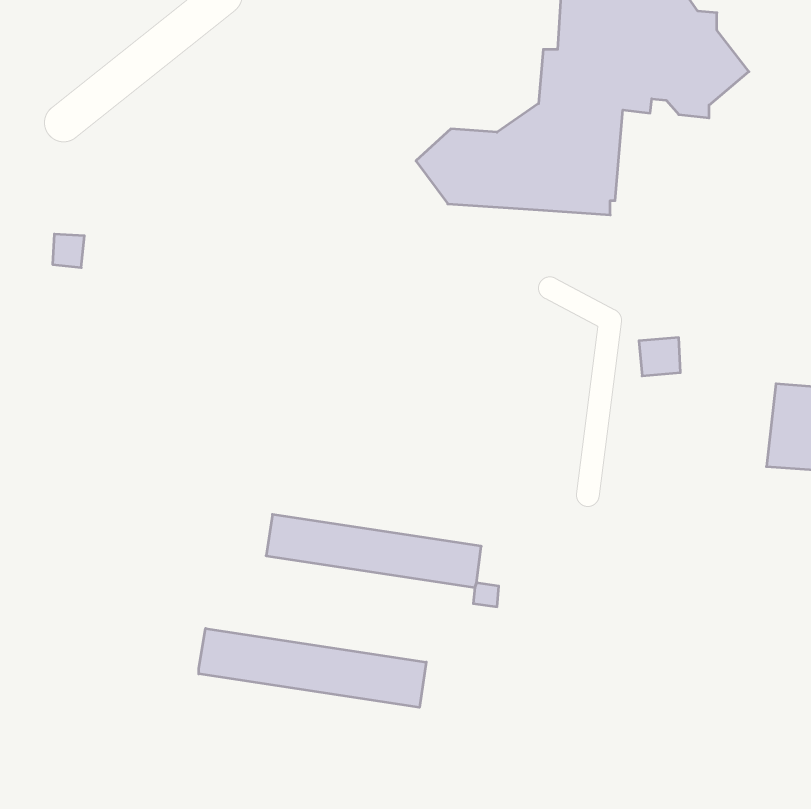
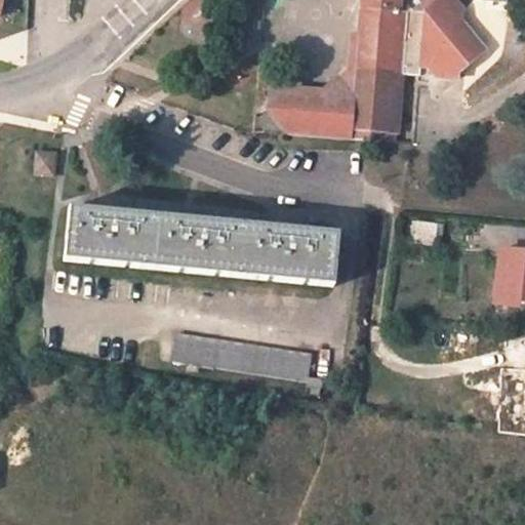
building: none -> [66,206,338,282]
building: [199,628,426,707] -> none

